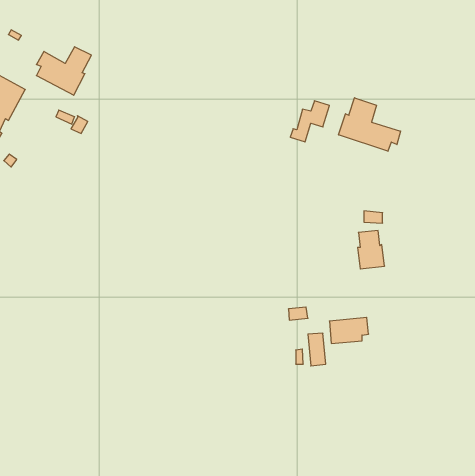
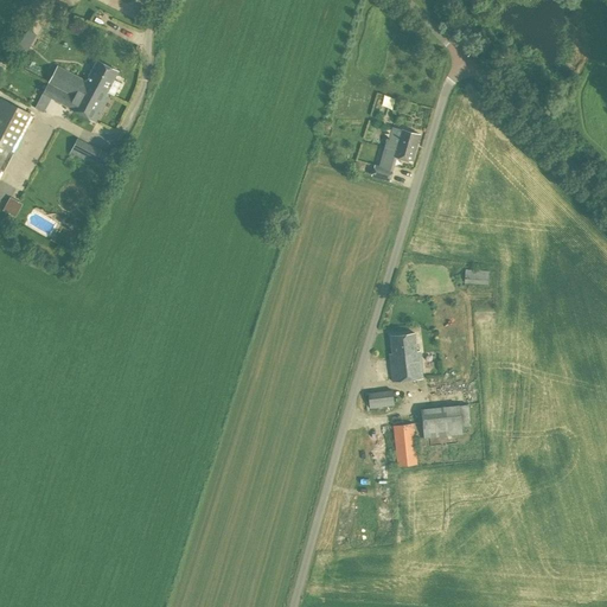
building: [339,98,401,151] -> none
building: [358,231,385,269] -> [386,332,421,381]

